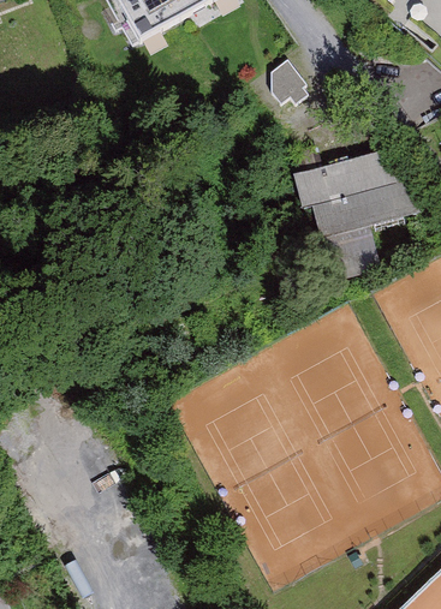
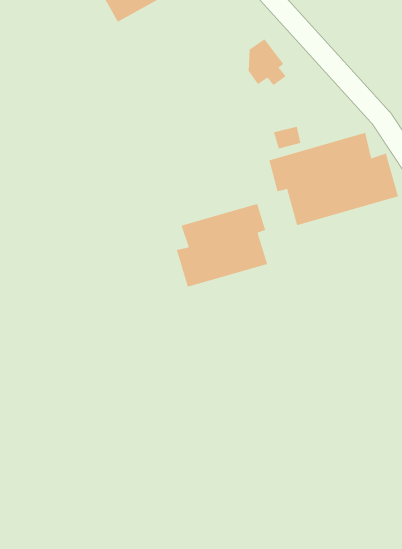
building: none -> [176,203,268,287]

